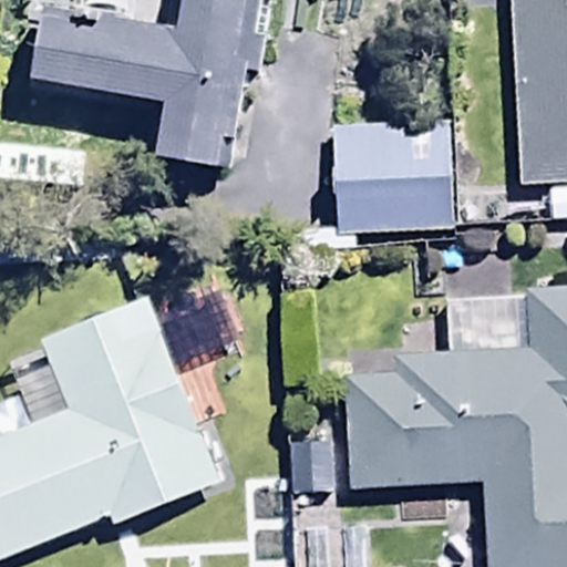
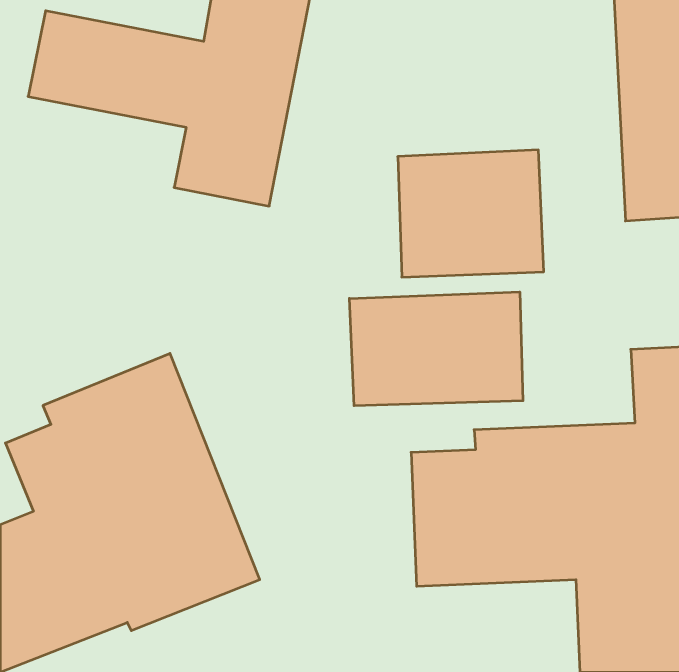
building: none -> [349,292,523,406]

